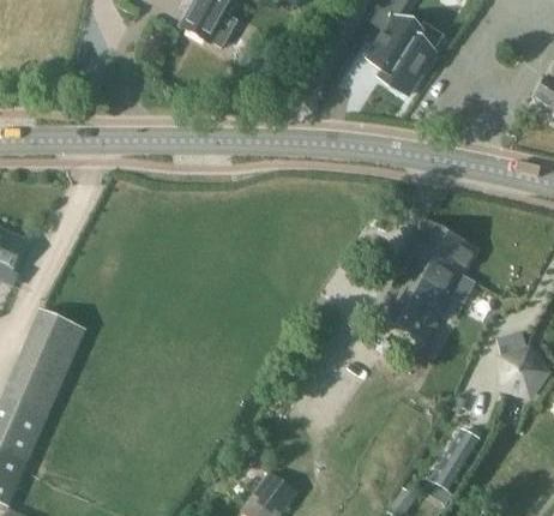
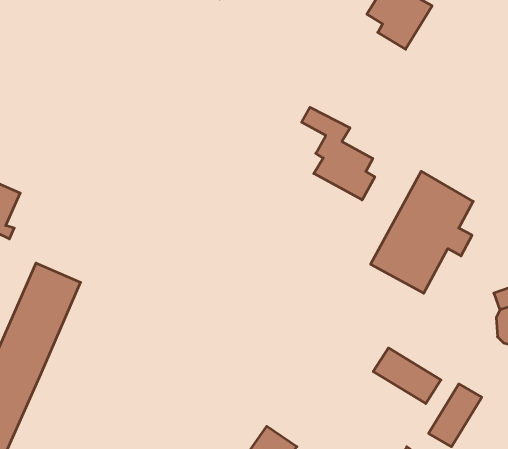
building: none -> [302,107,375,200]
building: none -> [373,348,441,404]

